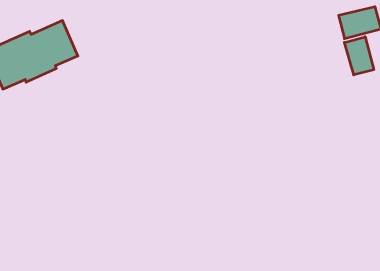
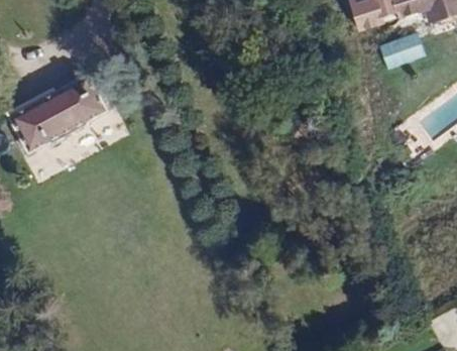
building: [344,37,374,75] -> none

